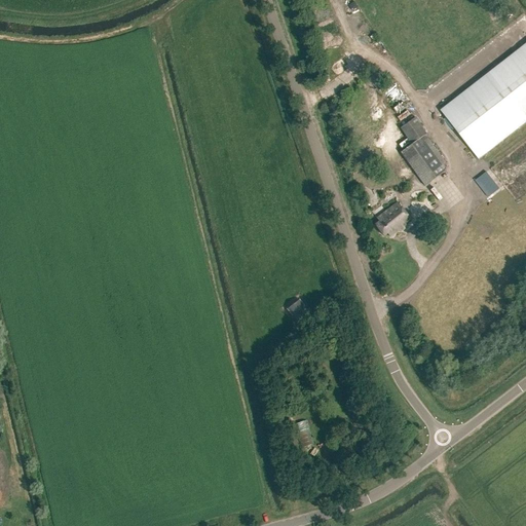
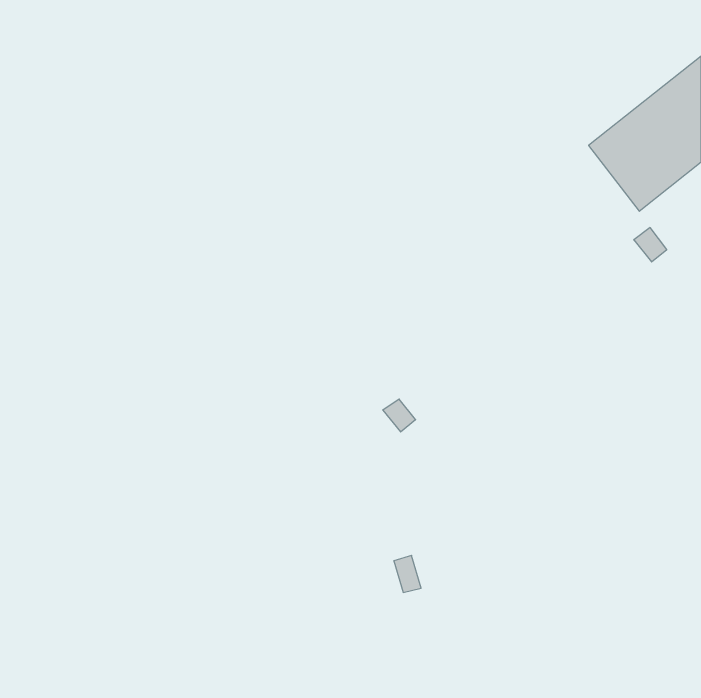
building: [400,116,445,185] -> none
building: [375,201,410,235] -> none

